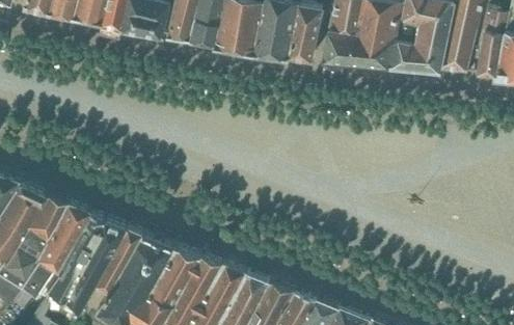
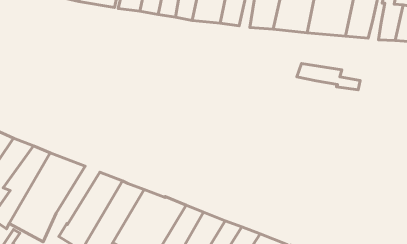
building: none -> [297,64,360,90]
building: [93,227,145,297] -> none

